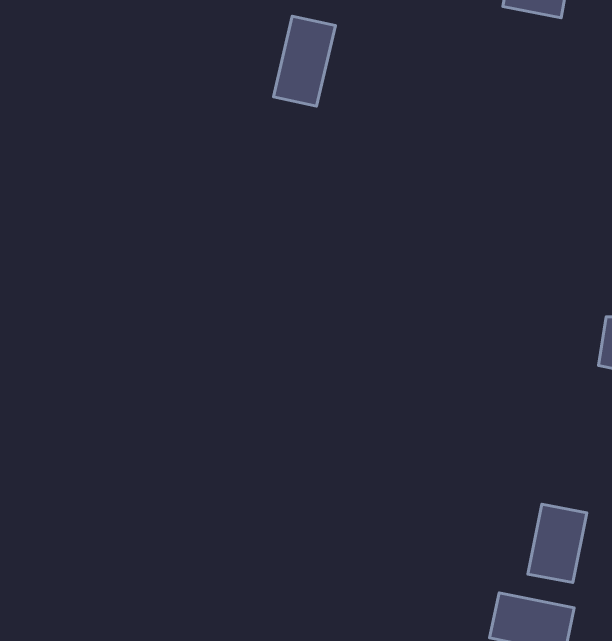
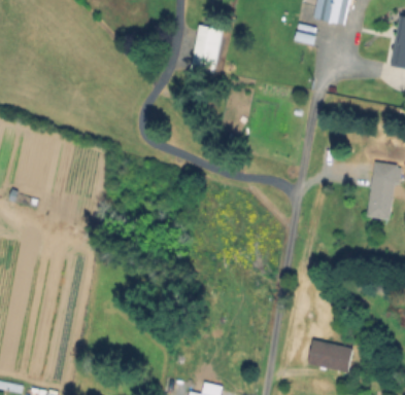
building: [528,504,587,583] -> none

